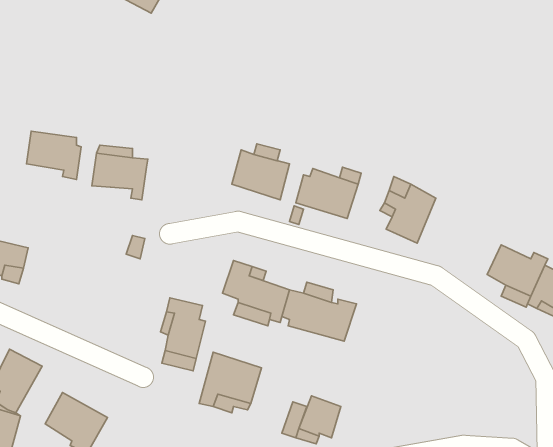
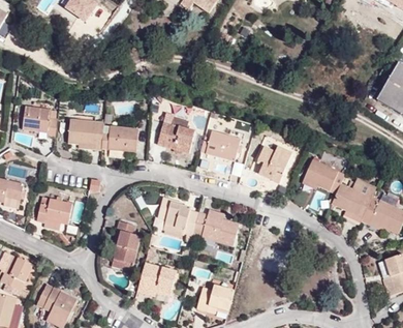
building: none -> [98,128,135,153]
building: none -> [298,161,333,193]
building: none -> [35,200,70,227]

